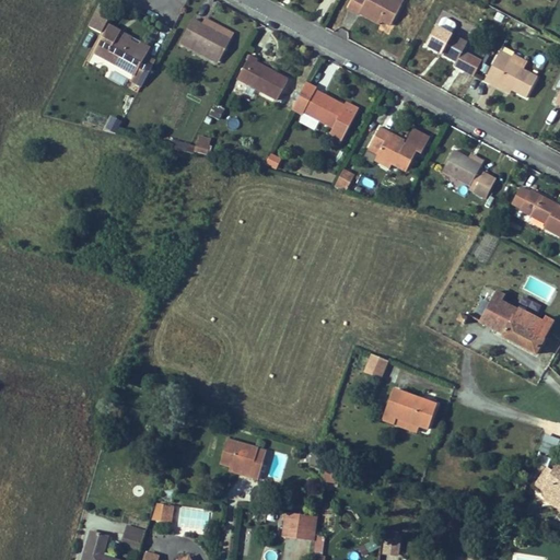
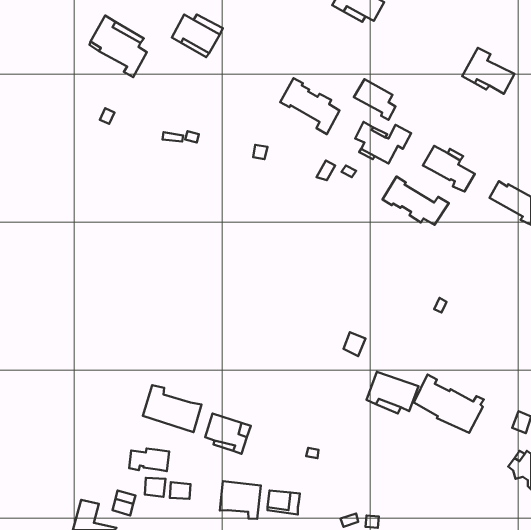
building: [429,28,472,71] -> [354,79,396,120]
building: [237,52,289,97] -> none
building: none -> [382,177,449,225]
building: [478,294,551,355] -> [414,374,484,433]
building: none -> [143,385,202,432]
building: none -> [129,448,169,471]
building: none -> [220,481,261,519]

